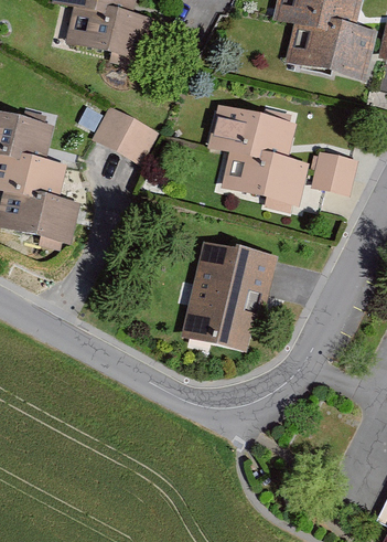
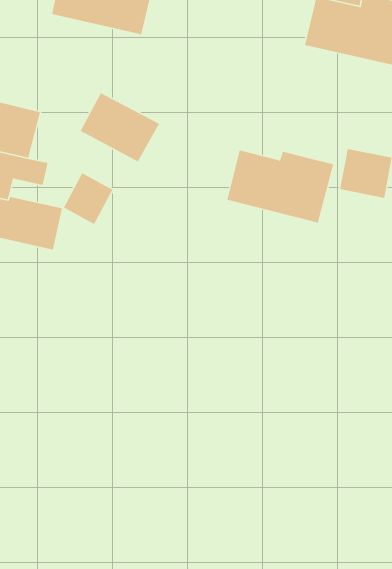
building: [206,104,298,163] -> none
building: none -> [63,172,113,225]
building: [180,236,271,343] -> none

